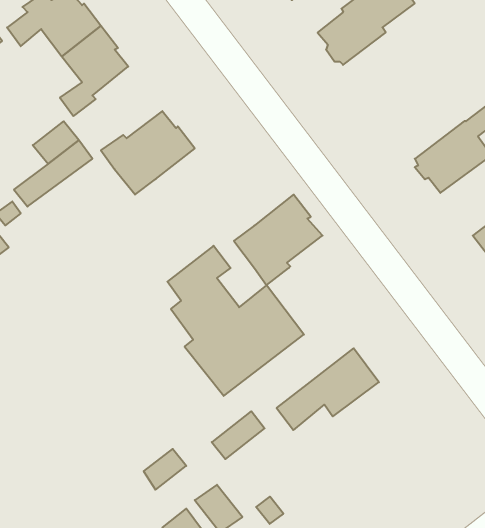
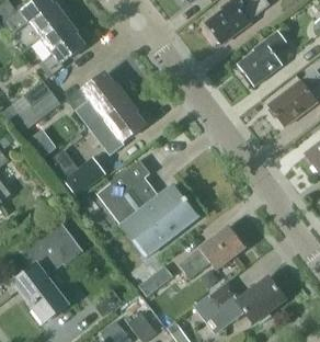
building: none -> [238,30,287,84]
building: [234,195,323,285] -> [89,96,146,155]
building: none -> [65,157,107,196]
building: none -> [12,220,83,323]
building: none -> [196,276,286,329]

